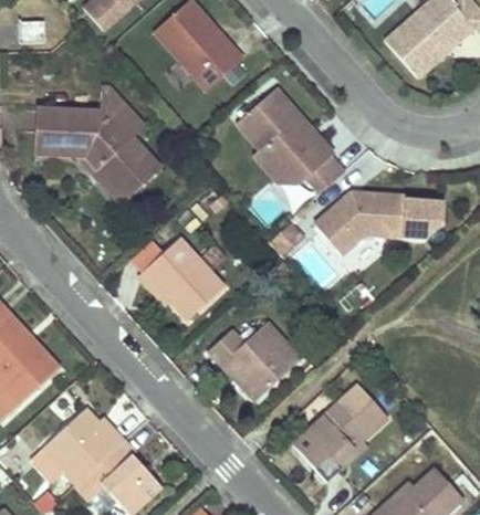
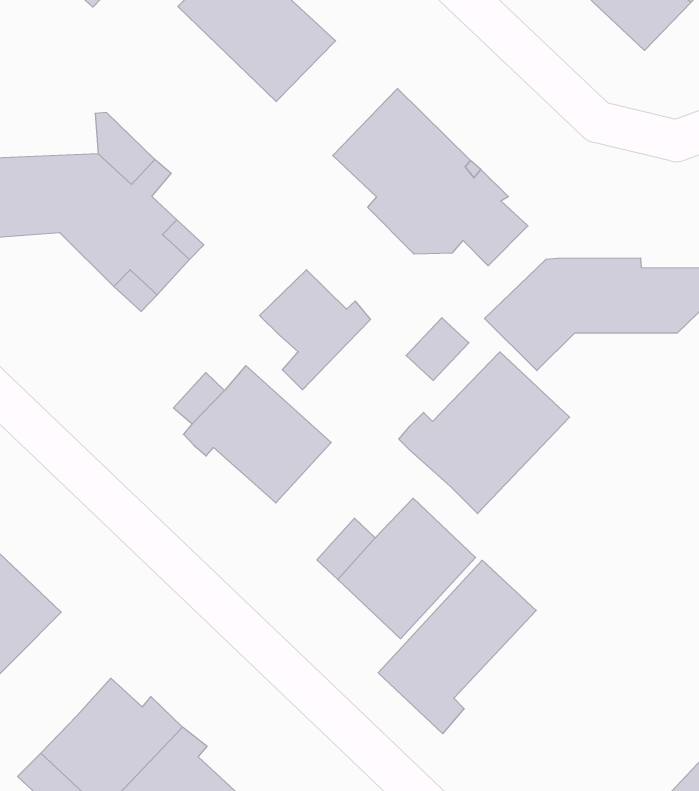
building: none -> [260,270,370,390]
building: none -> [399,352,570,514]
building: [295,385,388,482] -> [378,560,536,734]

